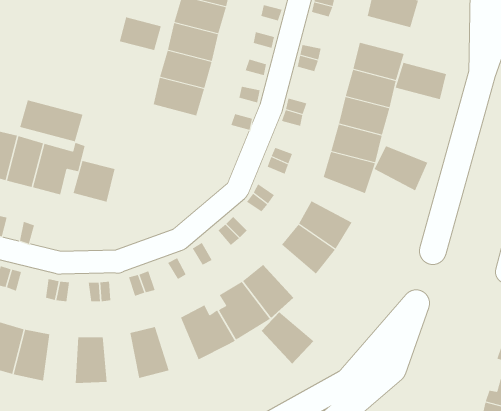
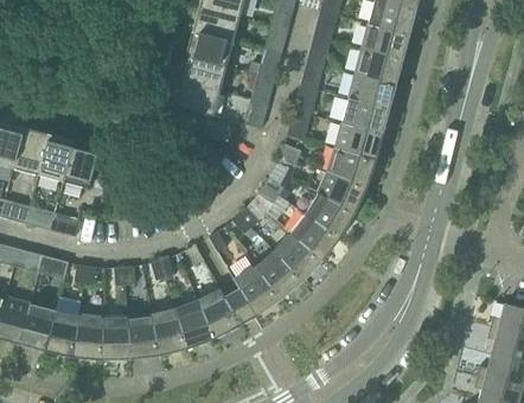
building: [119,17,161,51] -> none
building: [395,62,447,100] -> [362,24,409,58]
building: [20,100,83,142] -> none
building: [374,146,428,191] -> [318,171,368,212]
building: [73,160,115,202] -> none
building: [261,311,314,365] -> [274,232,322,281]
building: none -> [175,299,215,347]
building: none -> [128,313,160,358]
building: none -> [74,314,104,359]

